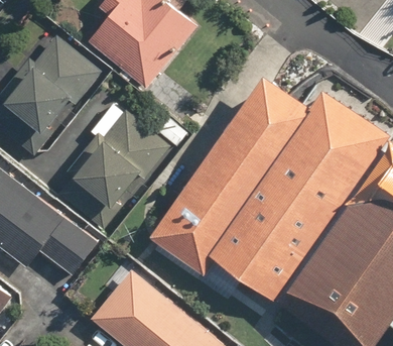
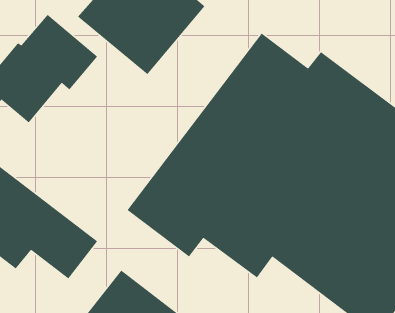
building: [68,109,172,215] -> none

